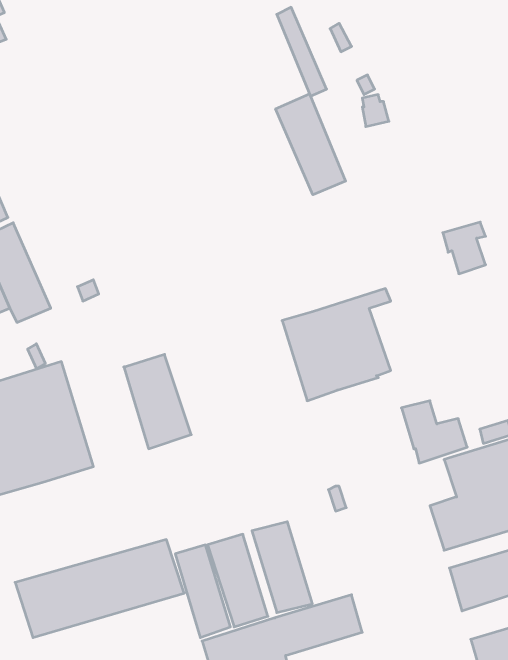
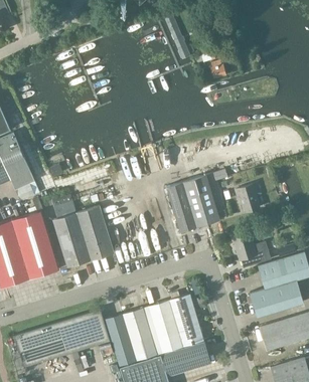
building: [276,94,346,195] -> none
building: [443,222,486,274] -> [235,184,259,213]
building: none -> [48,195,90,266]
building: none -> [170,295,203,347]

